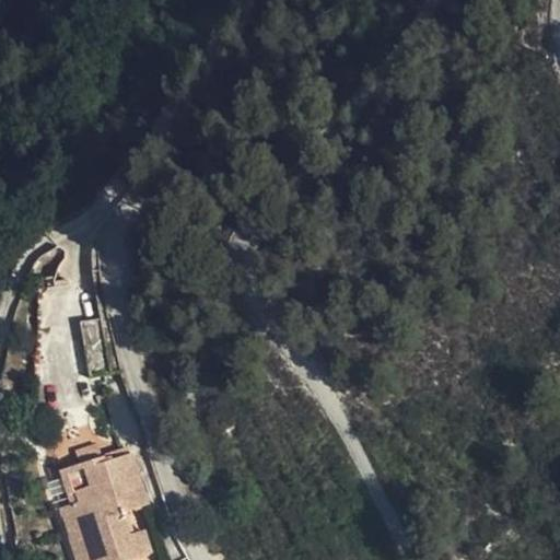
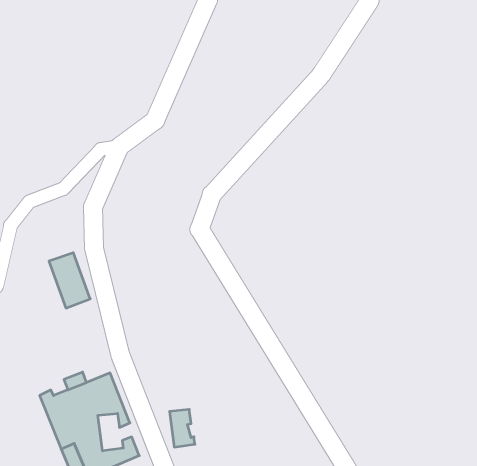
building: [114,498,143,541] -> [170,409,195,447]

